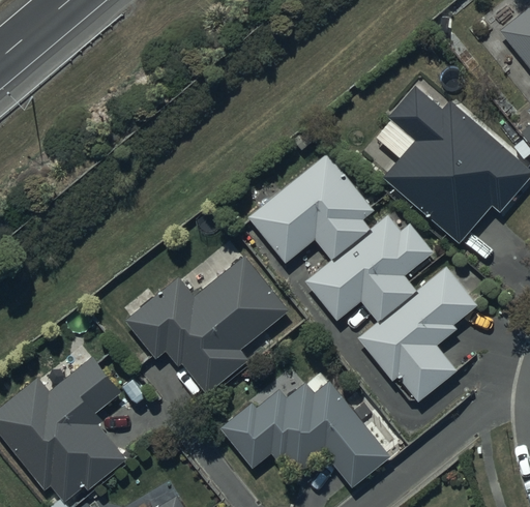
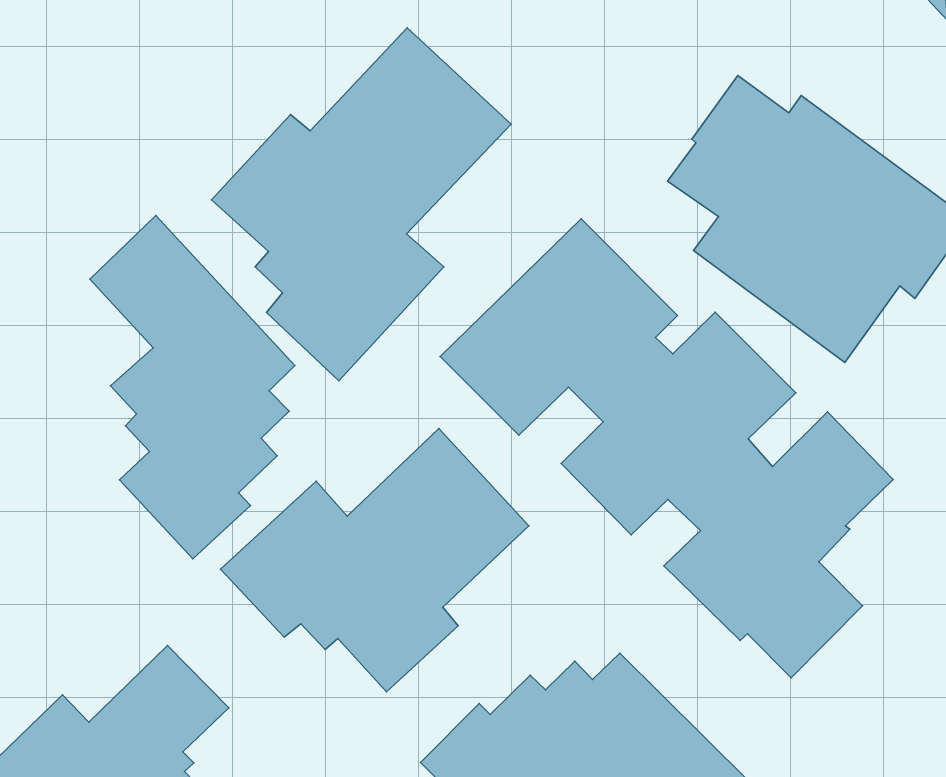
building: none -> [212,28,511,381]
building: none -> [90,216,295,559]

